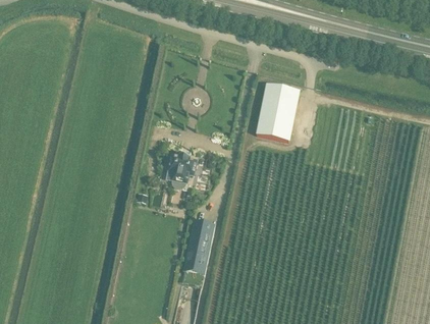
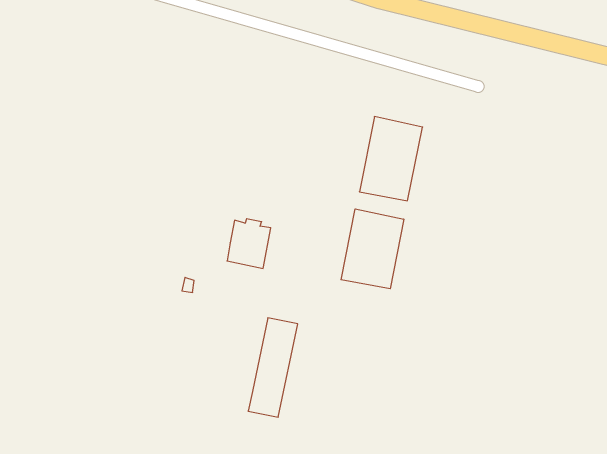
building: none -> [341,209,404,289]

